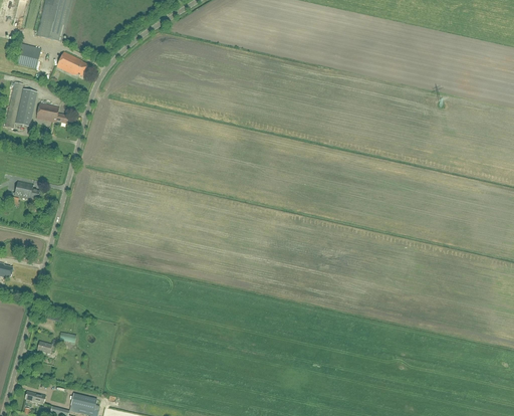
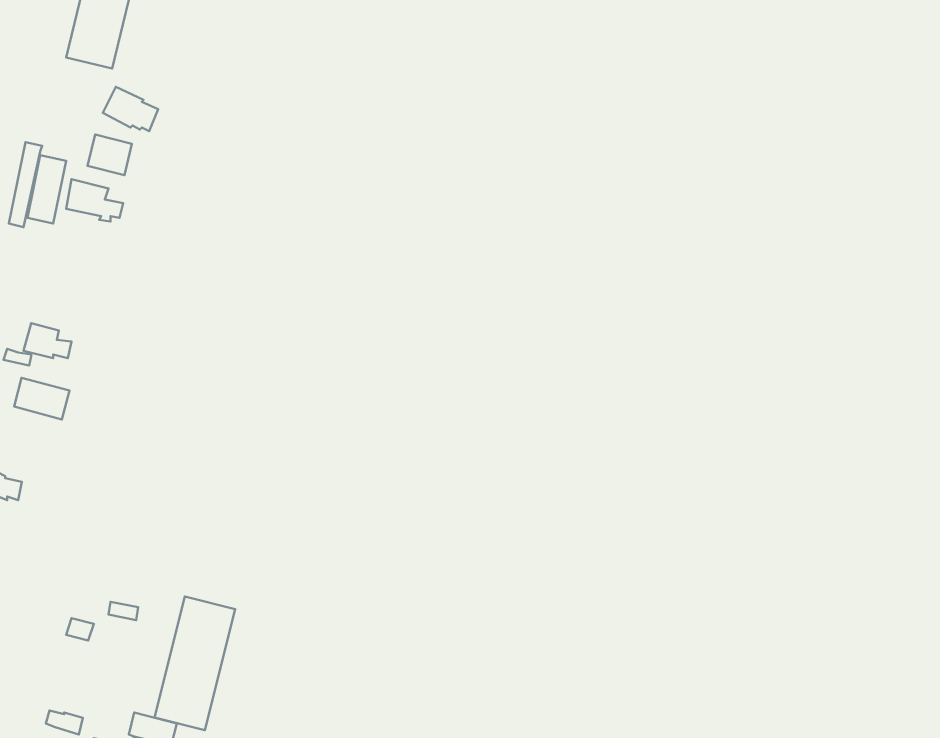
building: [15,46,39,68] -> [88,134,132,175]
building: none -> [14,378,69,419]
building: none -> [155,597,235,730]

